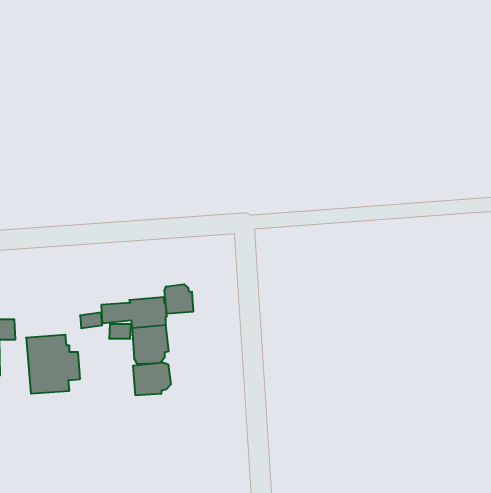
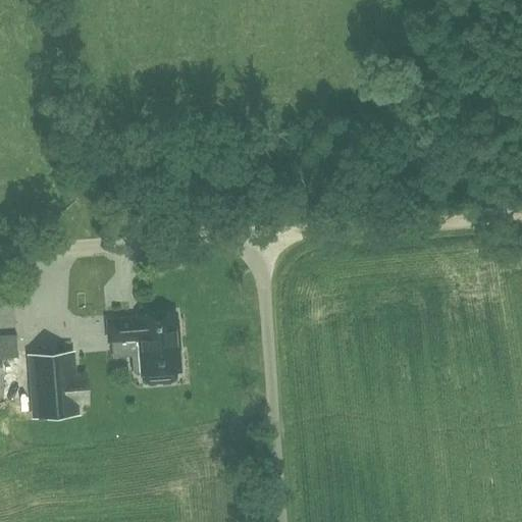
building: [164,284,193,314] -> none
building: [133,362,171,395] -> none

